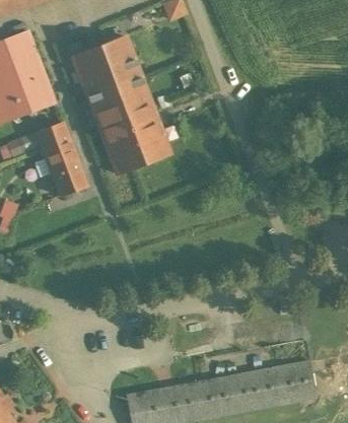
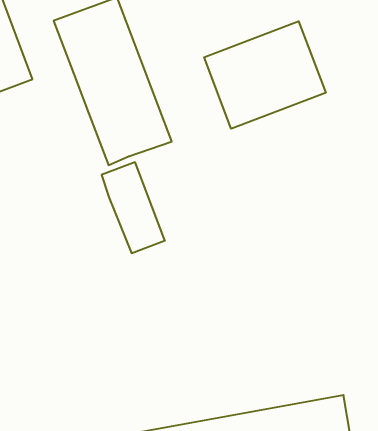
building: none -> [204,21,326,129]
building: [36,122,87,196] -> [102,162,165,253]

